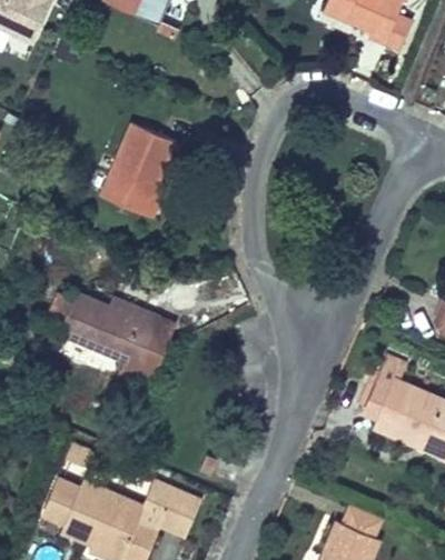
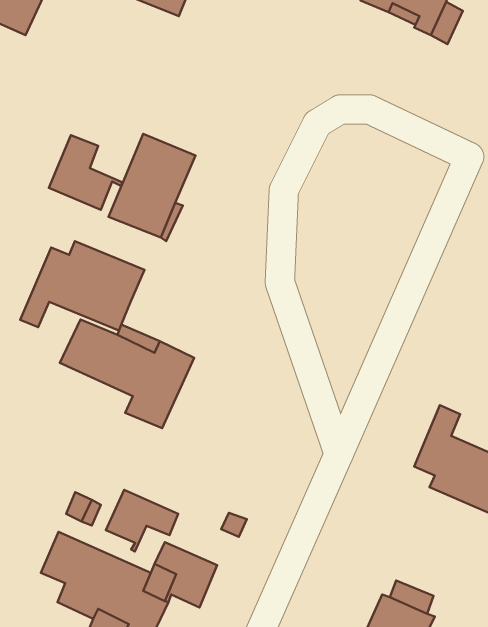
building: none -> [49,135,123,210]
building: none -> [20,241,144,331]
building: none -> [106,490,178,552]

